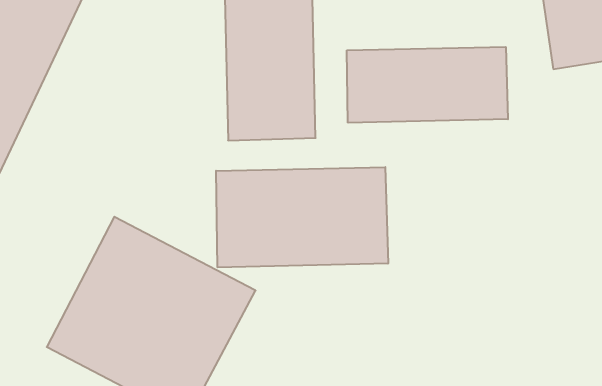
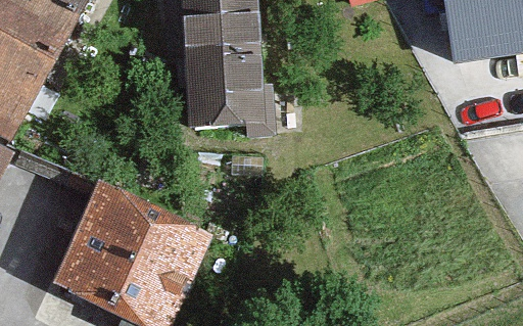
building: [347,47,508,123] -> none
building: [216,167,388,267] -> none

